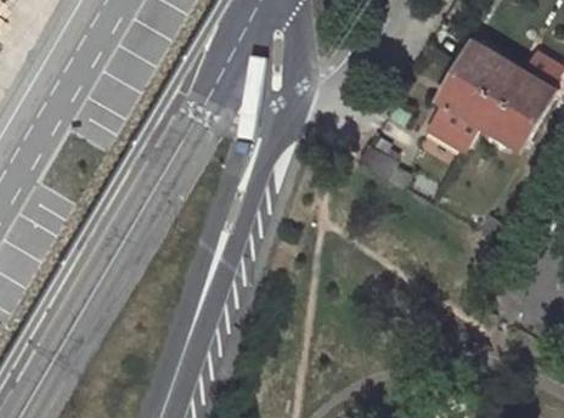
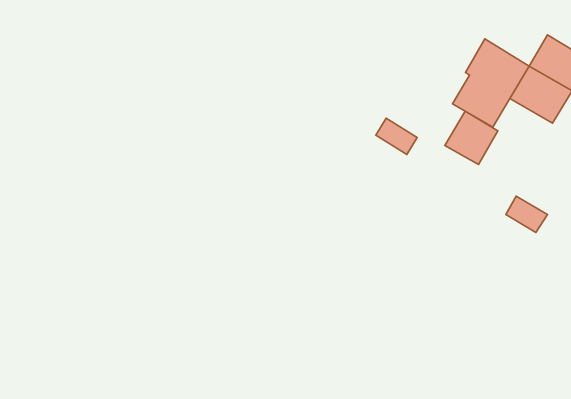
building: [456,40,514,94] -> none
building: none -> [445,111,498,164]

